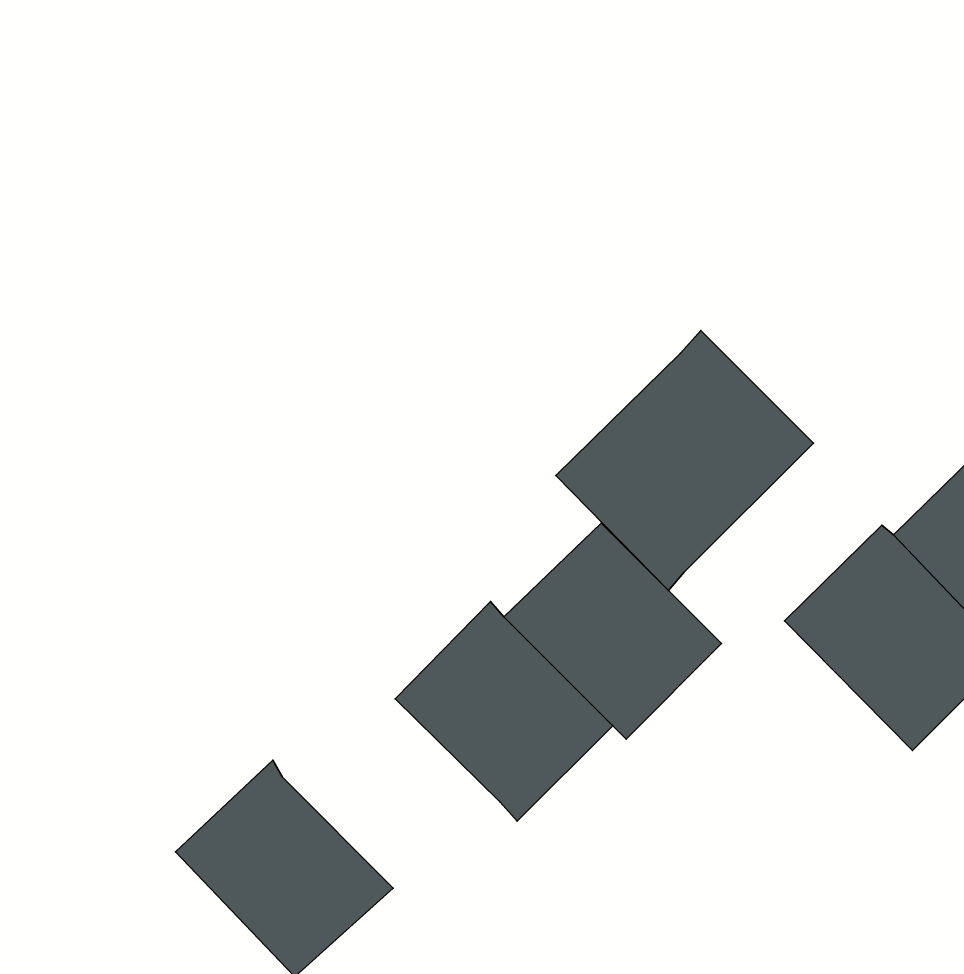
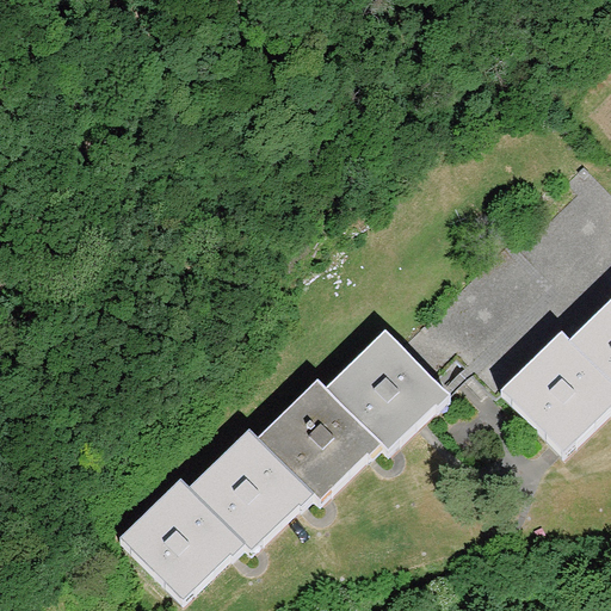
building: [556,331,813,590] -> none
building: none -> [184,427,320,562]

